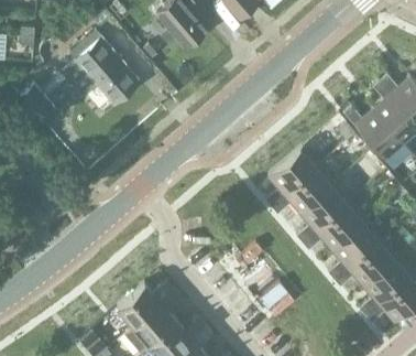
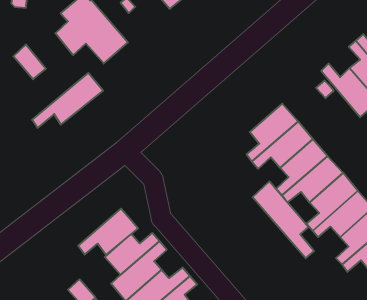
building: none -> [32,73,103,128]
building: none -> [253,181,314,258]
building: none -> [78,209,138,255]

